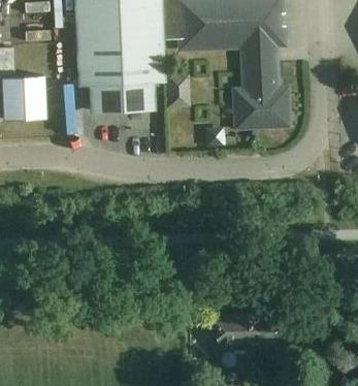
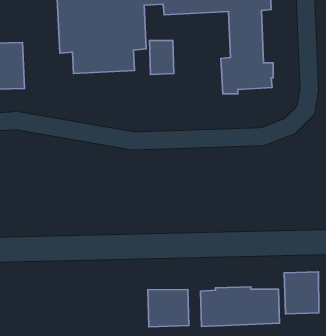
building: none -> [284,272,319,314]
building: none -> [148,290,189,327]

